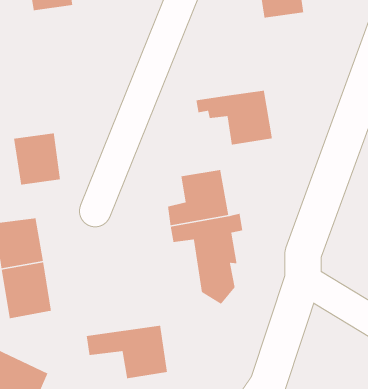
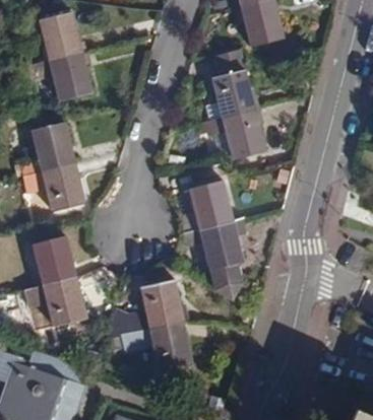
building: none -> [26,51,94,102]
building: none -> [210,50,255,117]
building: none -> [32,122,76,170]
building: none -> [104,280,184,340]

